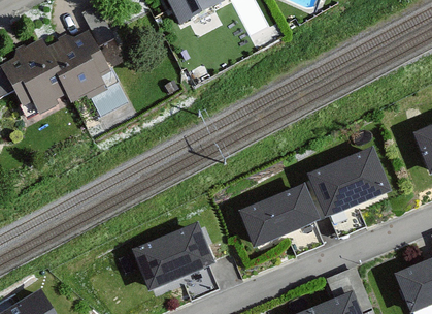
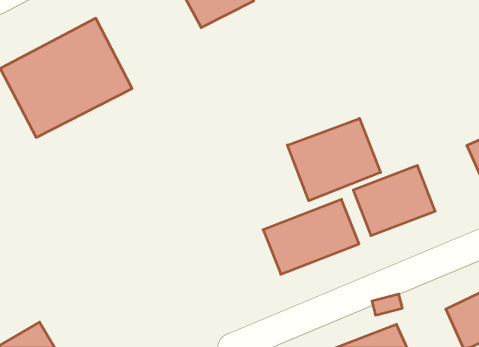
building: none -> [287,118,381,201]
building: [128,215,213,289] -> none

